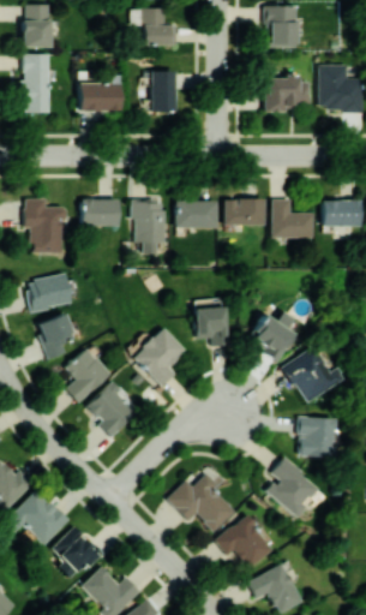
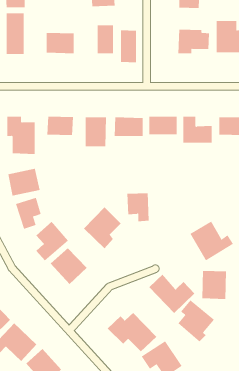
building: none -> [120,29,136,63]
building: [250,311,293,363] -> none
building: none -> [149,274,195,314]

